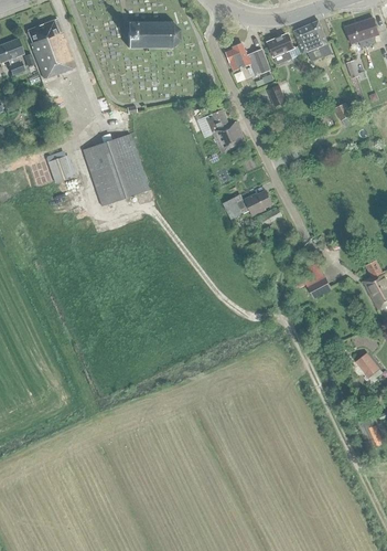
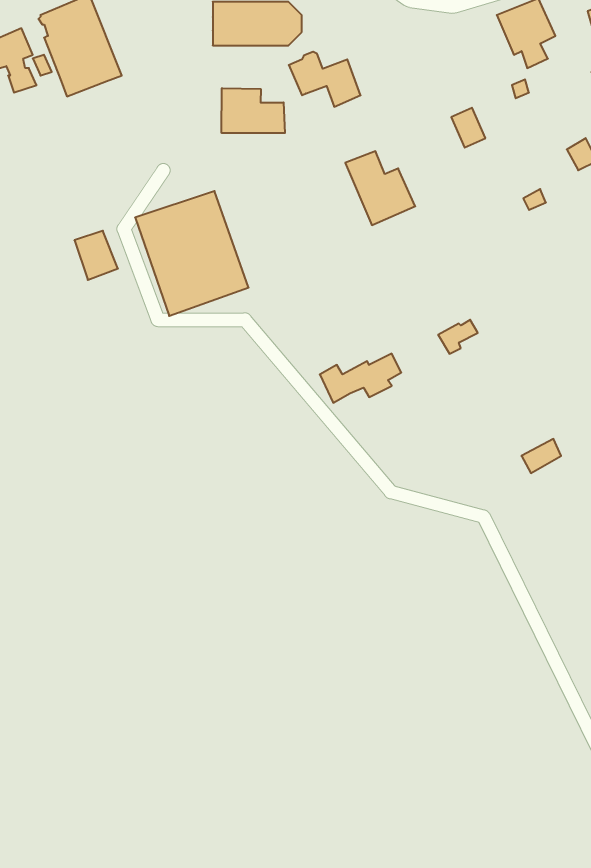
building: [268,33,293,64] -> none
building: [226,44,268,76] -> [289,52,361,107]
building: none -> [222,88,285,133]
building: [224,190,271,219] -> [320,354,401,403]

